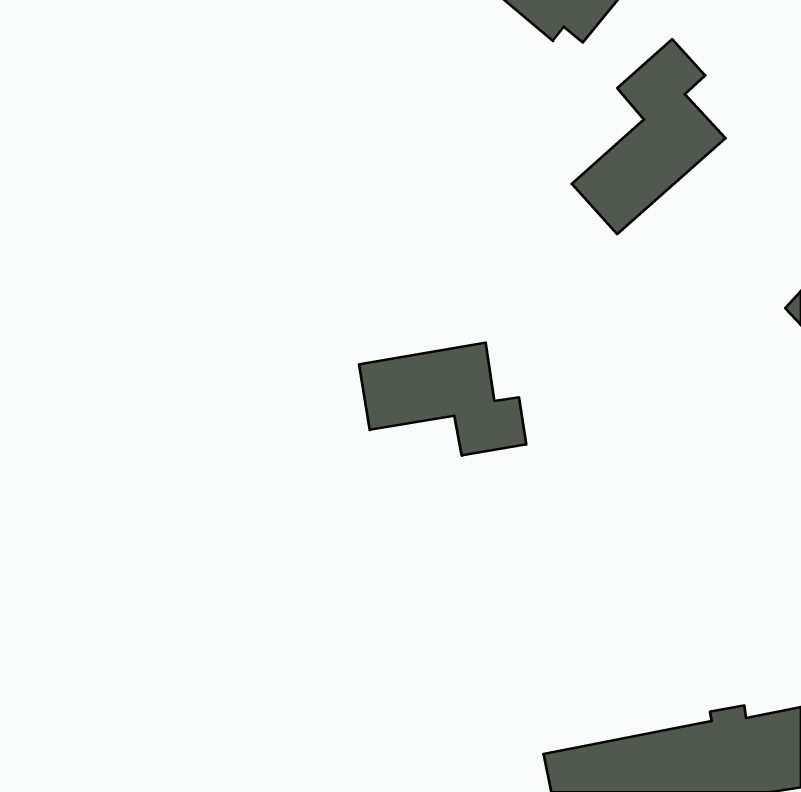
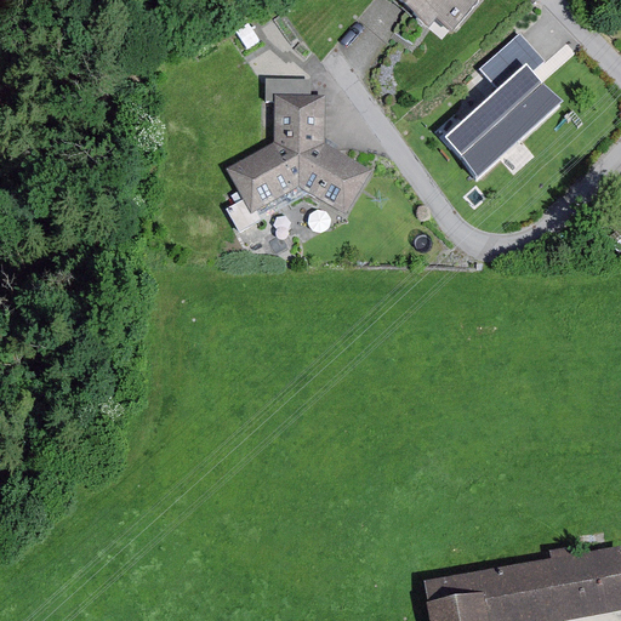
building: none -> [226,76,371,230]
building: [359,343,526,456] -> none

